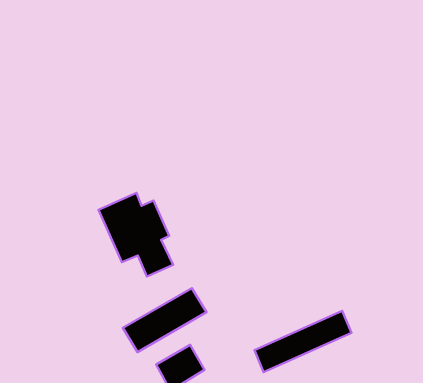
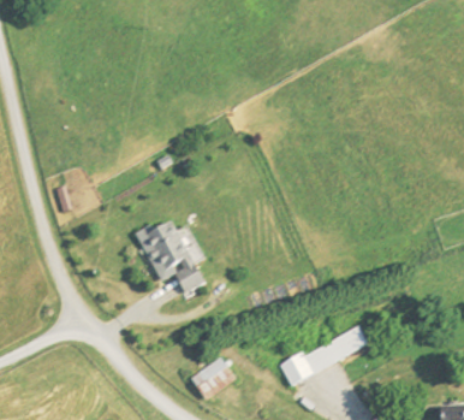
building: [123,288,207,352] -> none

